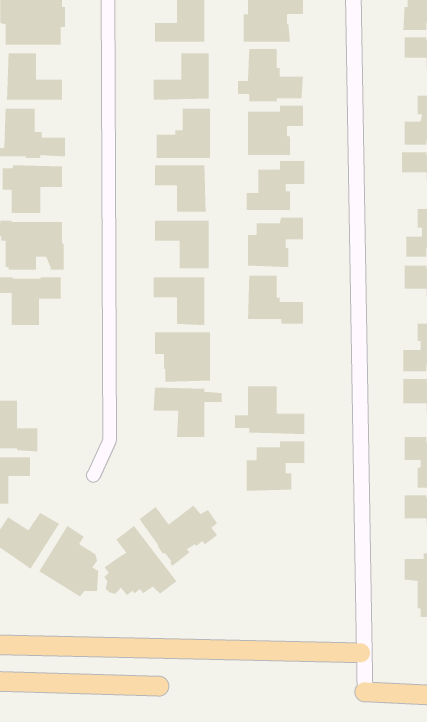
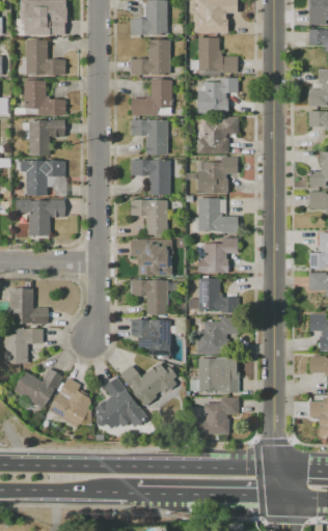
building: none -> [197,237,239,273]
building: none -> [130,318,170,358]
building: none -> [189,358,239,392]
building: none -> [196,397,239,434]

